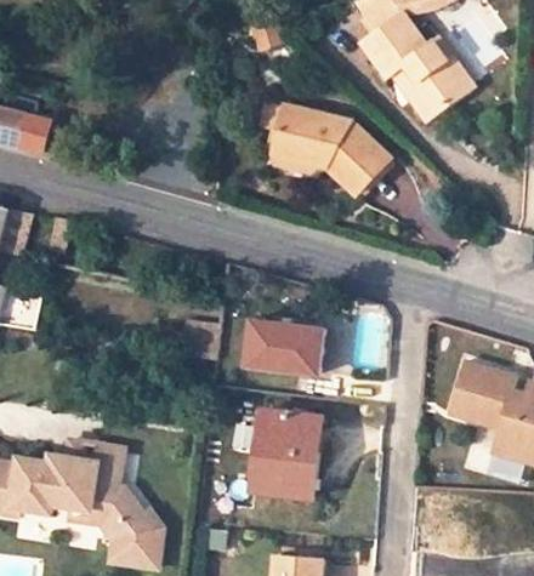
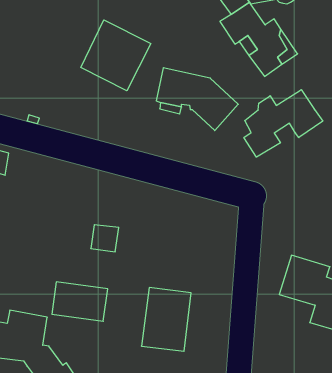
building: none -> [81,20,151,91]
building: none -> [244,90,323,157]
building: [245,319,323,373] -> [52,282,108,321]

